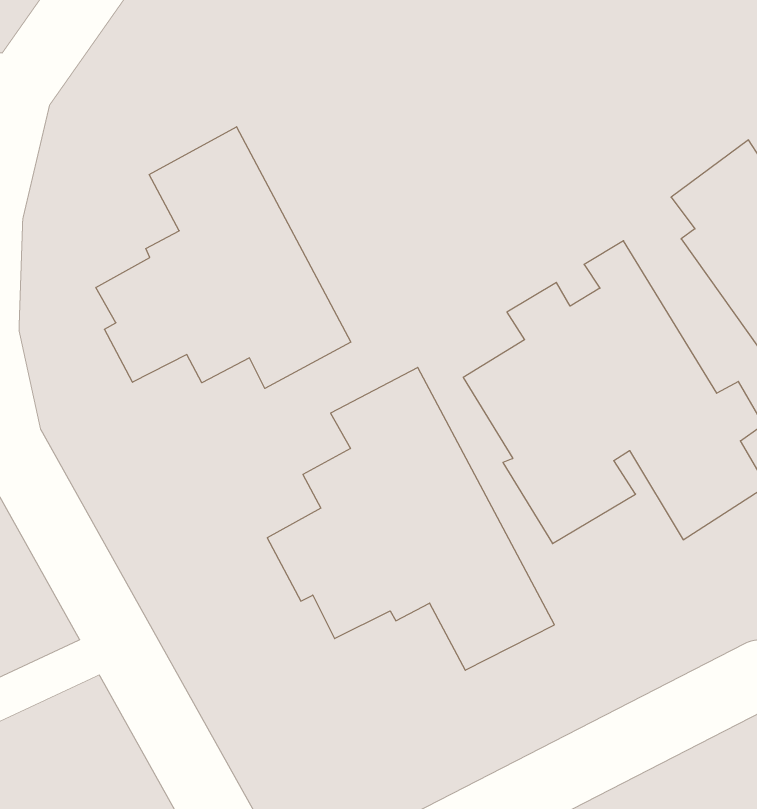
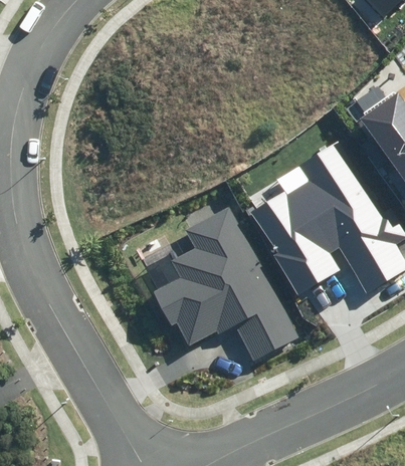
building: [96,127,351,388] -> none

